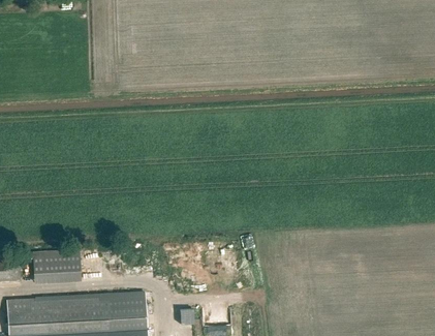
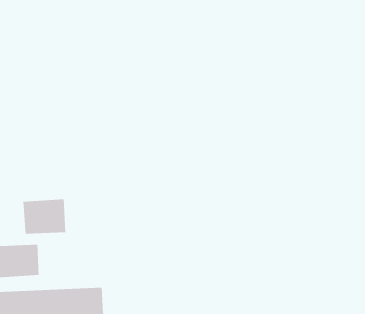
building: none -> [23,198,66,234]

